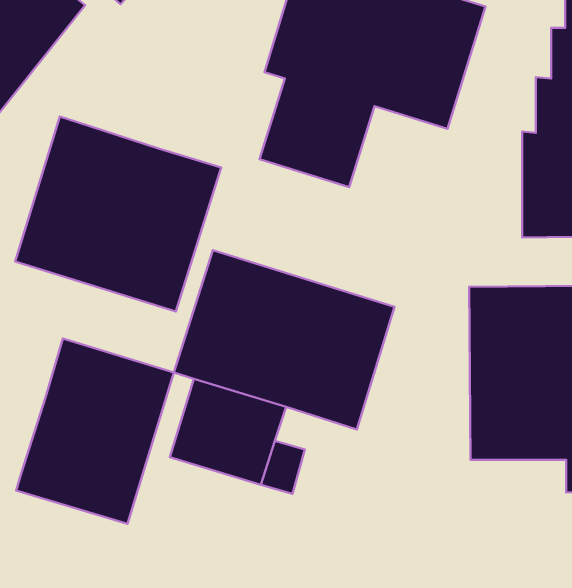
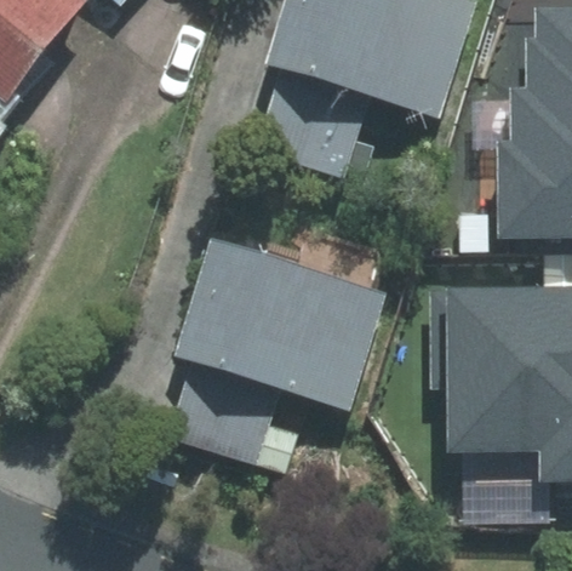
building: [15,116,221,312] -> none
building: [16,338,174,524] -> none

